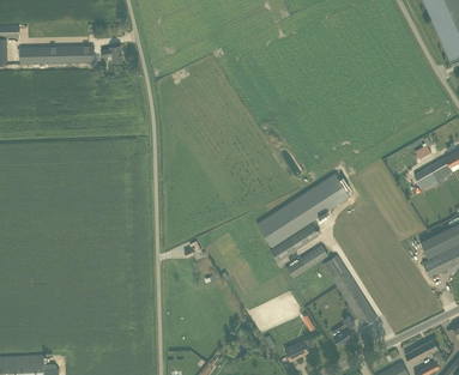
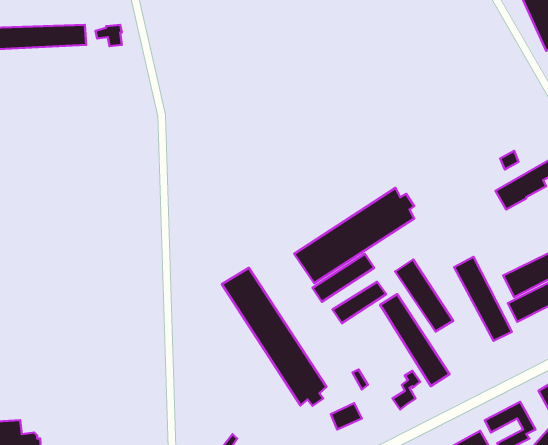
building: none -> [454,257,512,341]
building: none -> [395,260,453,332]
building: none -> [222,268,327,406]

